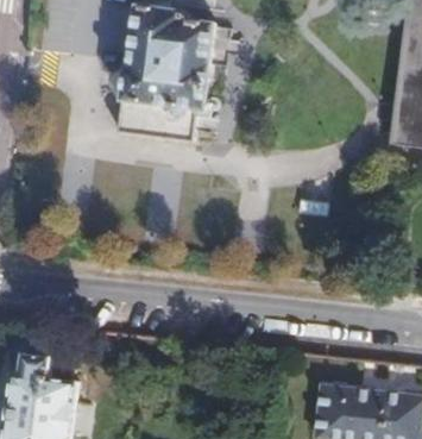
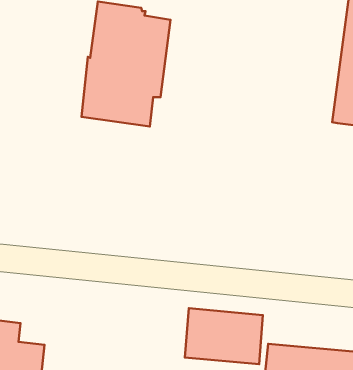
building: none -> [185,308,263,364]

